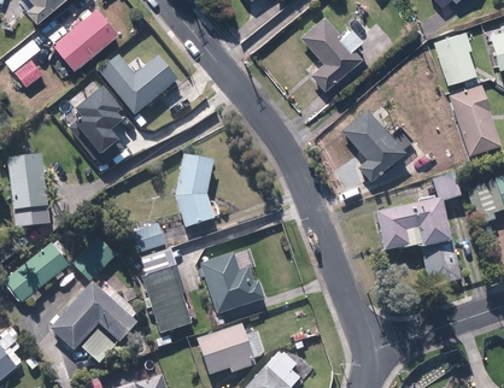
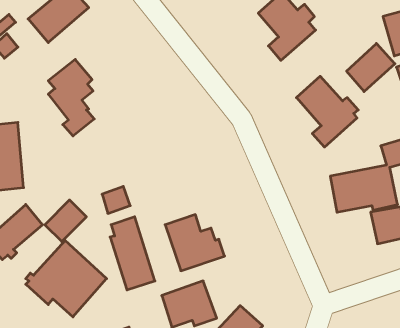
building: [99,54,180,116] -> none
building: none -> [347,43,395,92]
building: [175,153,216,228] -> none

